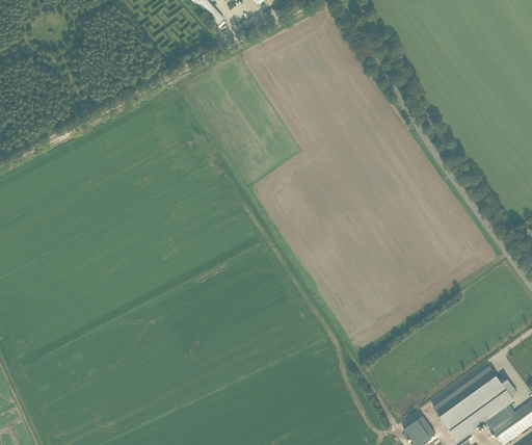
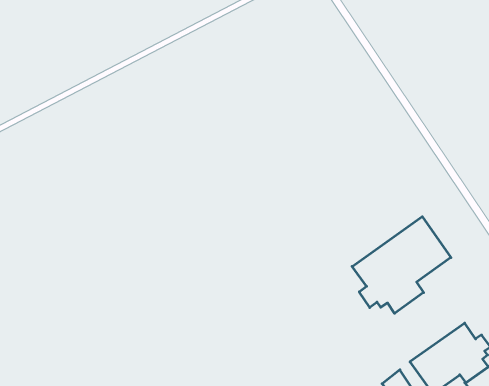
building: none -> [352,217,451,313]

